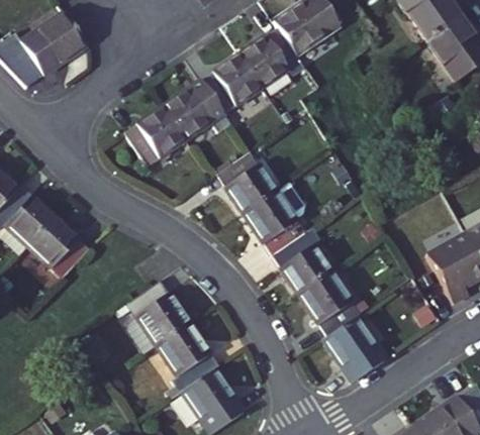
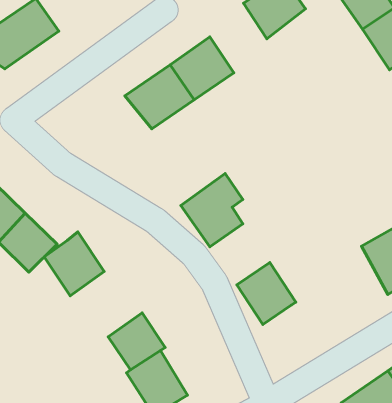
building: [262,12,326,77] -> none
building: [132,101,201,167] -> none
building: [205,151,267,215] -> none
building: [262,234,324,298] -> none
building: [128,286,191,352] -> [44,232,104,296]
building: [313,319,374,378] -> none

